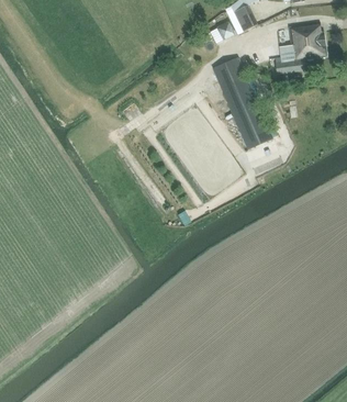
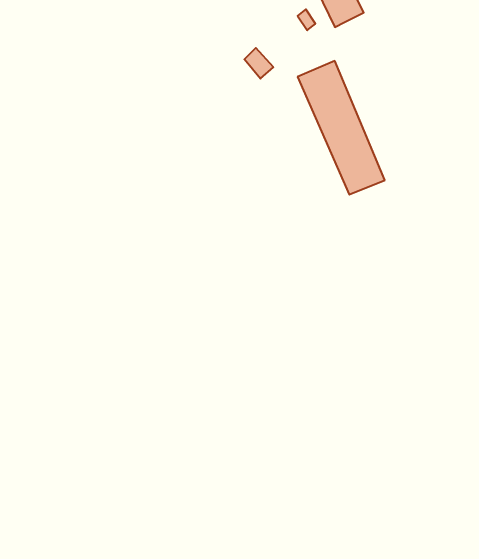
building: [275,23,326,74] -> none

